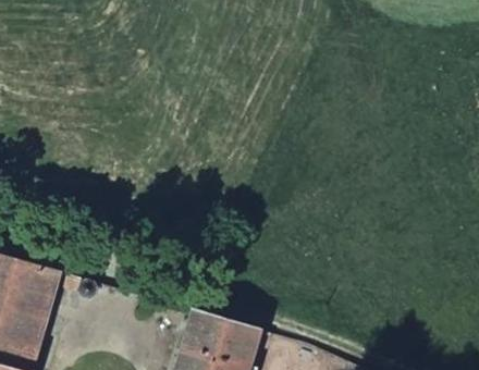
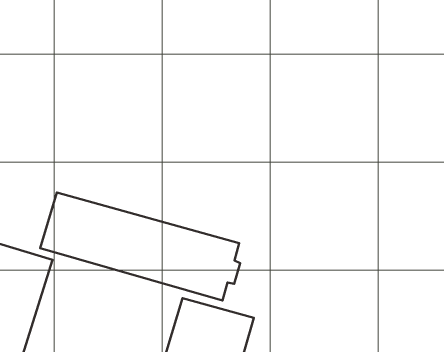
building: none -> [40,193,240,300]

